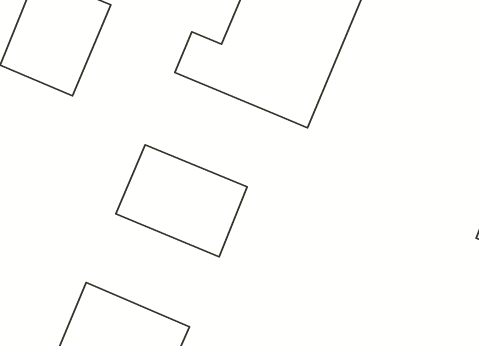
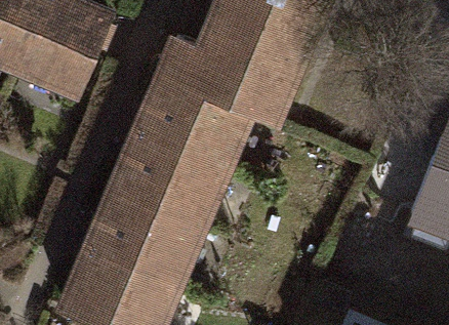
building: none -> [136,74,247,169]
building: none -> [87,192,198,286]

